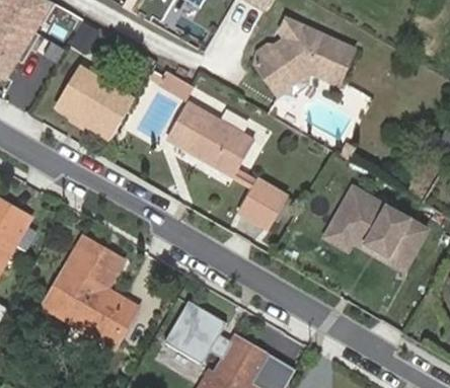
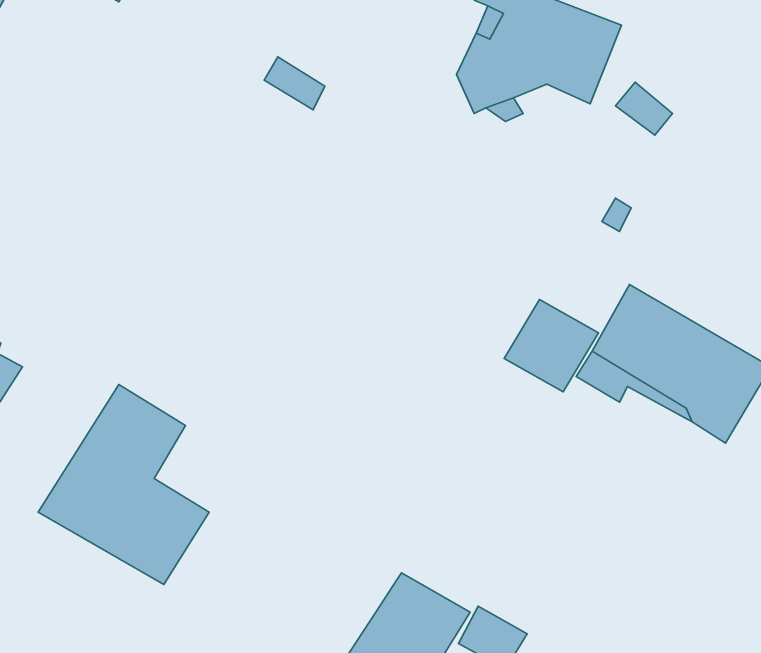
building: [58,67,133,136] -> none
building: [167,103,251,174] -> none
building: [236,178,285,226] -> [504,300,599,392]
building: [163,299,230,363] -> none

